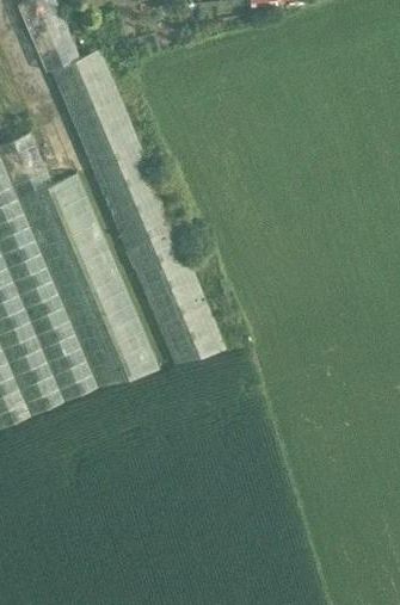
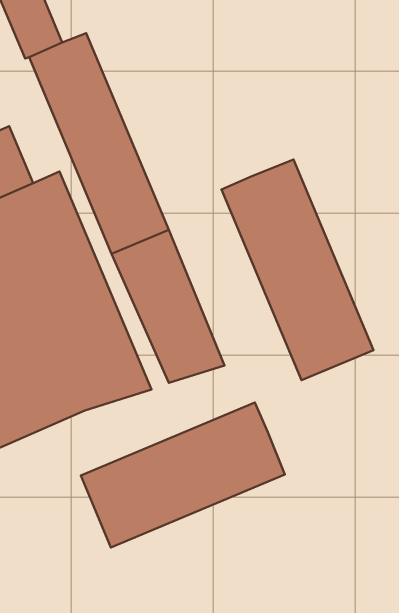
building: none -> [222,159,374,380]
building: none -> [81,403,285,547]

